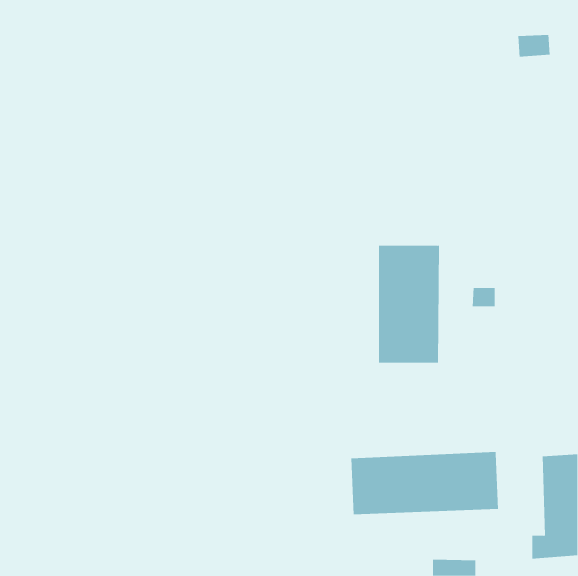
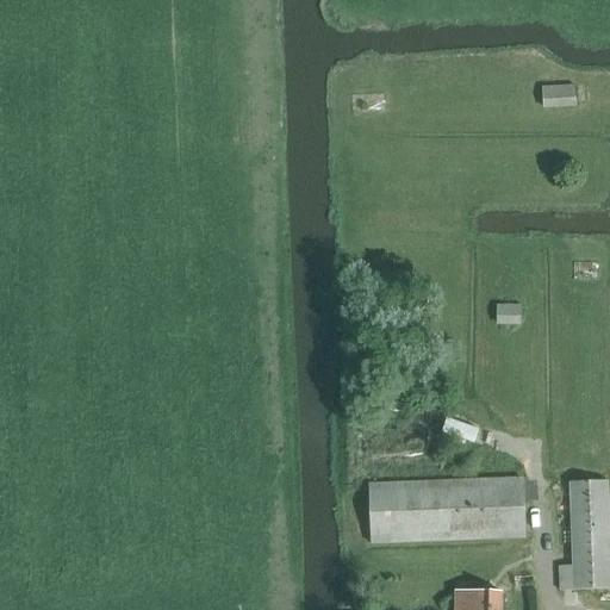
building: [518,35,550,57] -> [542,82,577,106]
building: [378,245,439,363] -> none

